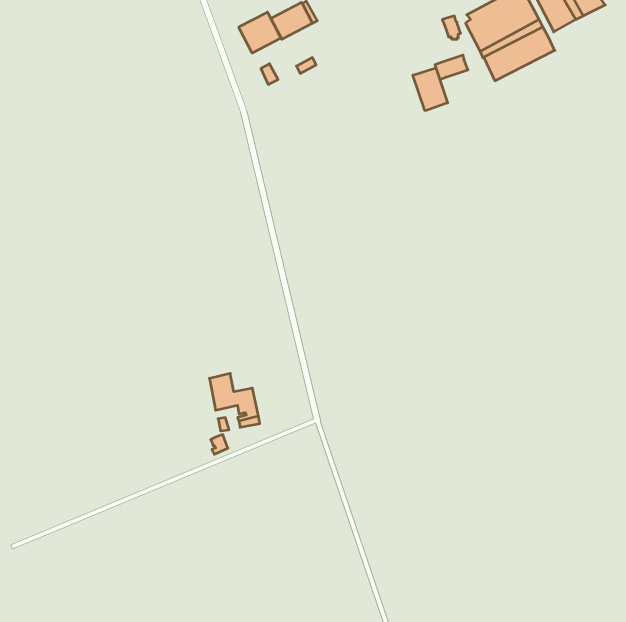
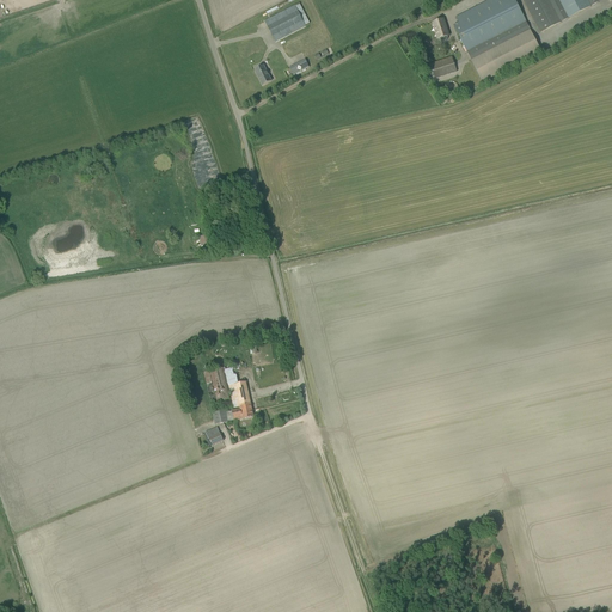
building: [239,12,281,53] -> none
building: [413,68,448,110] -> none

